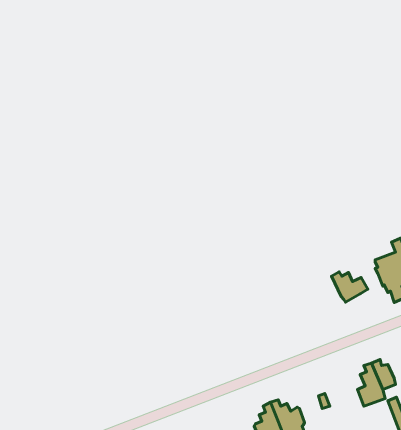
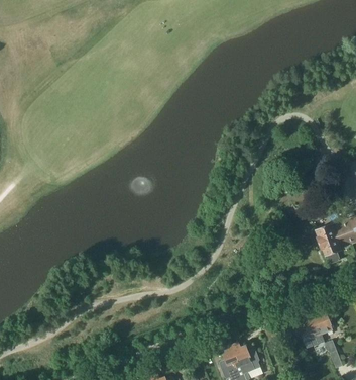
building: [332,272,368,302] -> none

